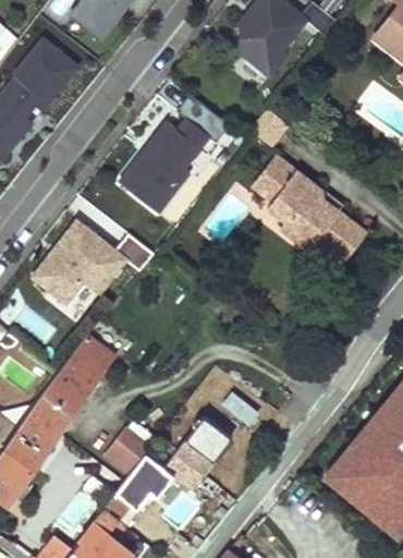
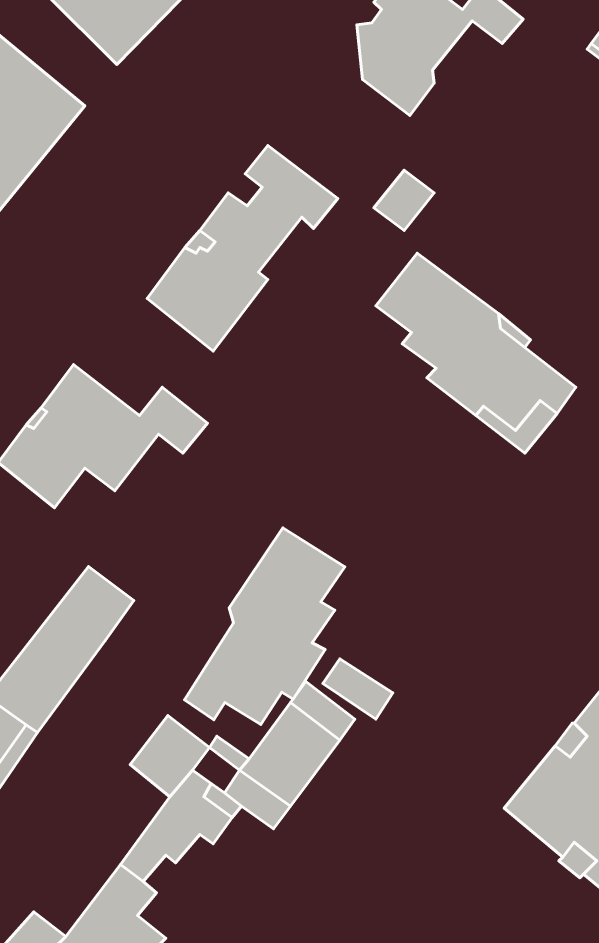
building: none -> [185,528,345,724]

